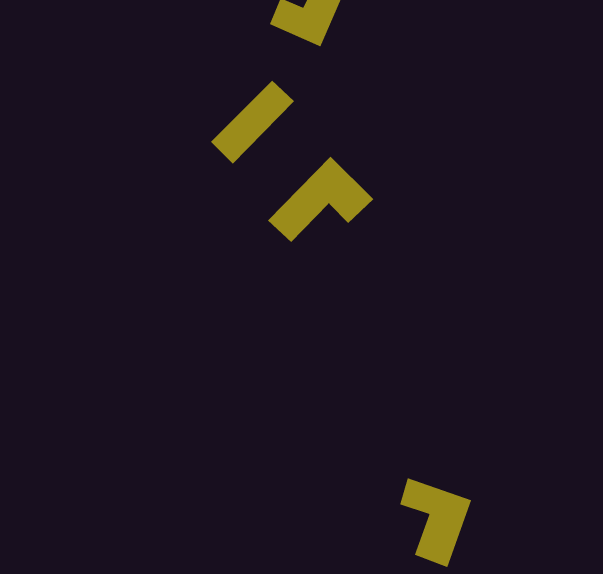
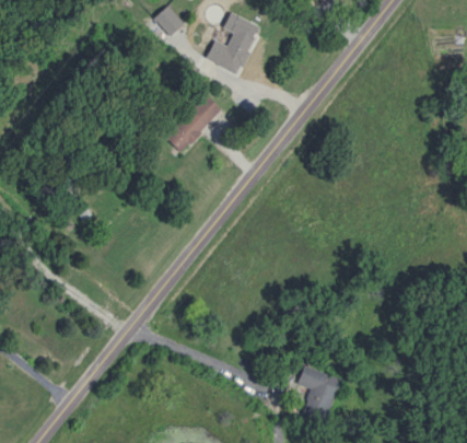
building: [267,156,374,243] -> none

